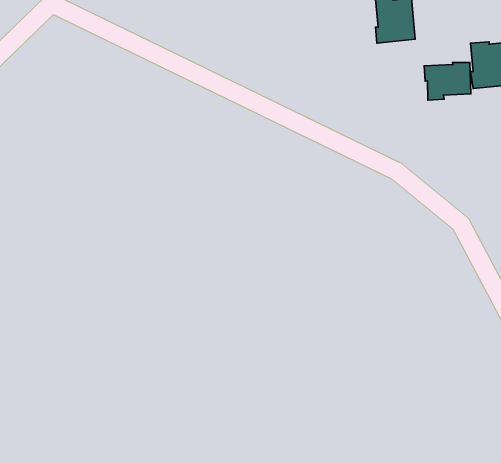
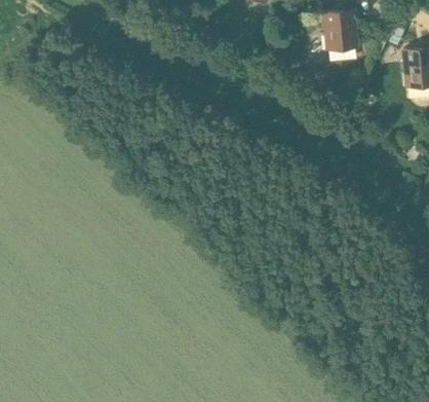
building: [424,62,471,100] -> none

